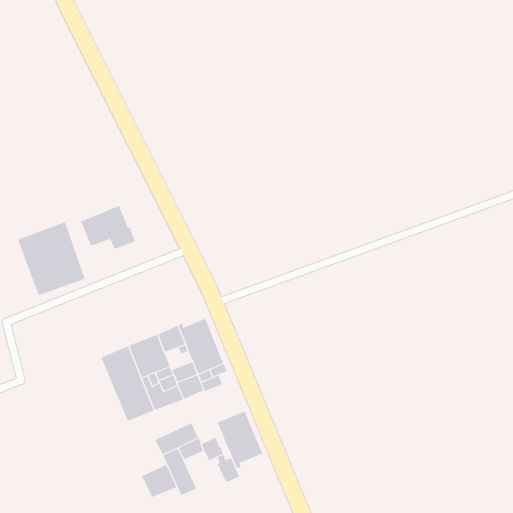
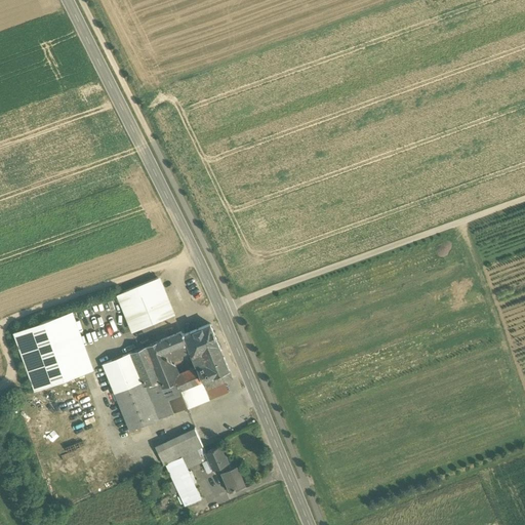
building: [80,205,136,249] -> [118,279,174,324]
building: [17,222,85,296] -> [13,315,83,391]
building: [217,411,263,469] -> none
building: [142,464,177,498] -> none

